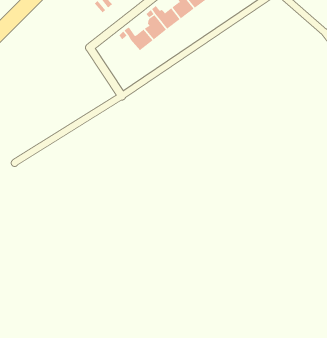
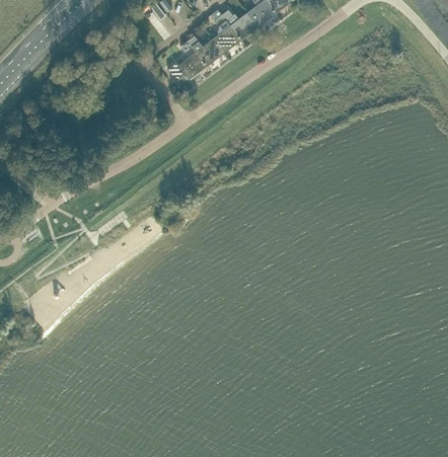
building: none -> [168,50,209,79]

